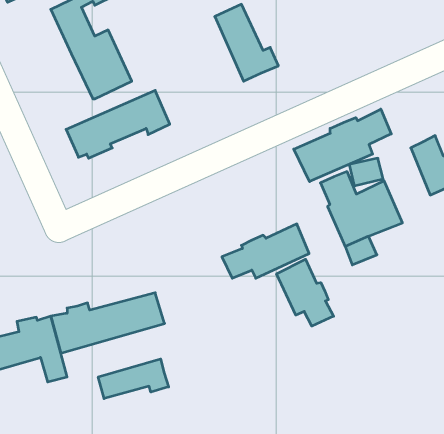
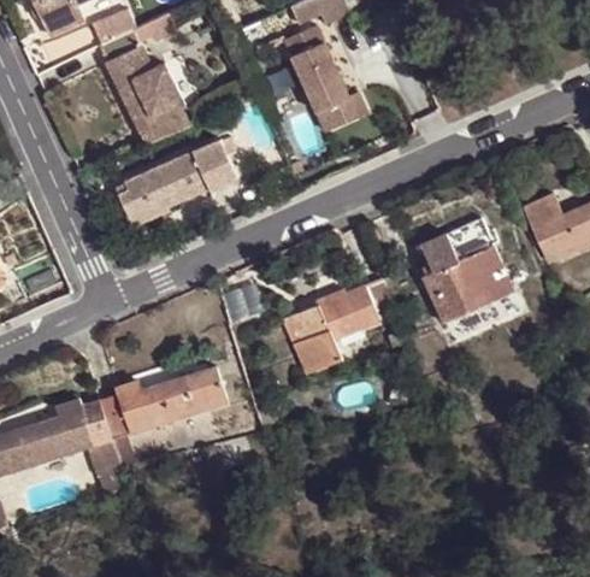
building: [294,109,391,182] -> none
building: [277,259,334,326] -> none
building: [98,359,169,399] -> none

